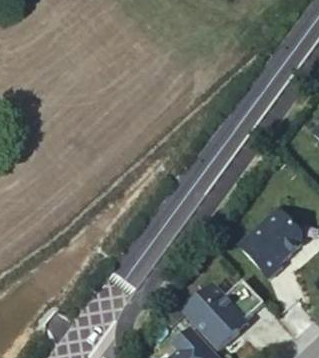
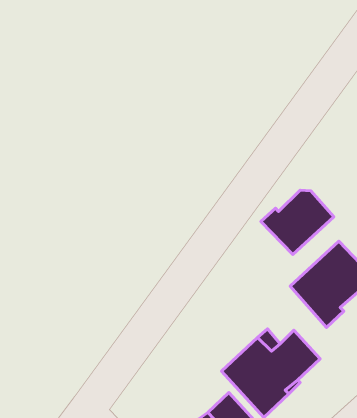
building: none -> [261,190,334,255]

